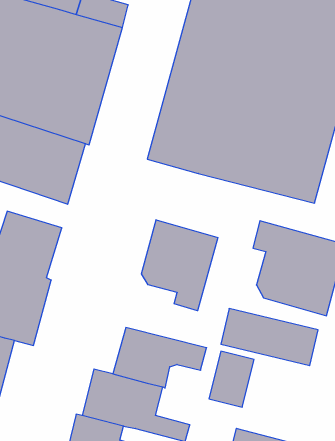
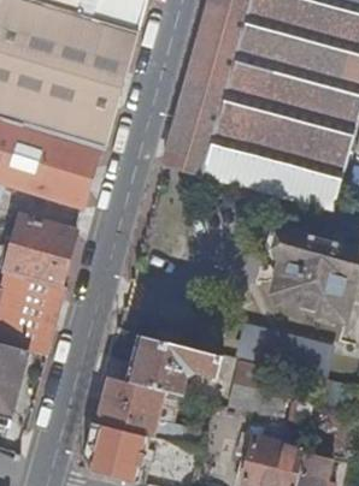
building: [141,220,218,311] -> none

